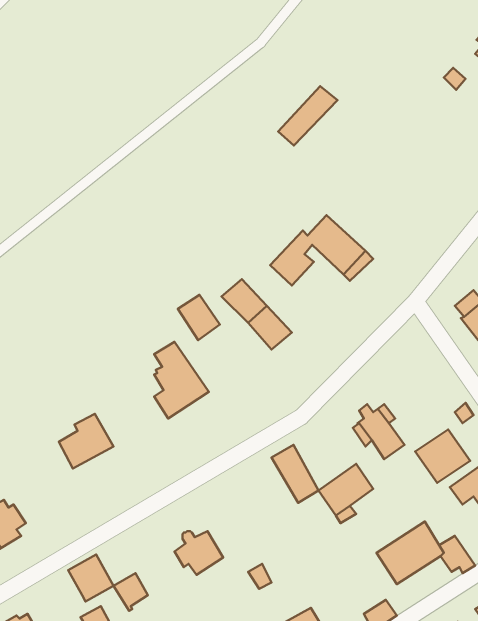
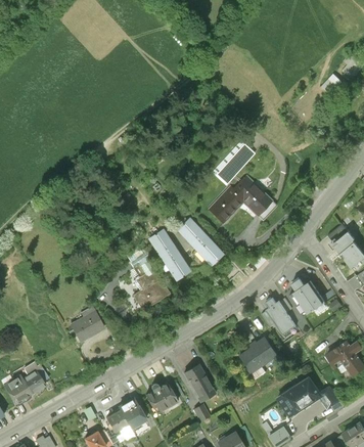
building: [278,86,337,145] -> [216,145,255,184]
building: none -> [162,248,189,278]
building: [415,430,470,483] -> [289,281,325,316]
building: [272,445,319,503] -> [184,364,215,402]
building: [68,554,114,601] -> [120,398,149,429]

